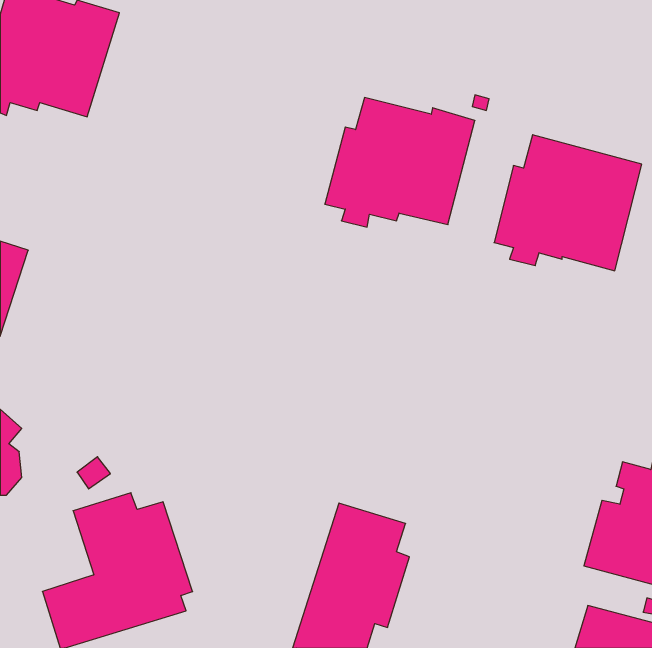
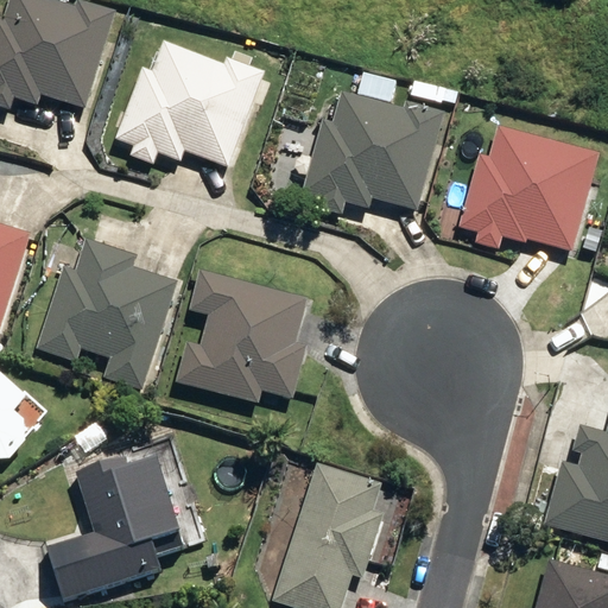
building: none -> [118,40,264,166]
building: none -> [37,240,176,386]
building: none -> [176,268,306,401]

